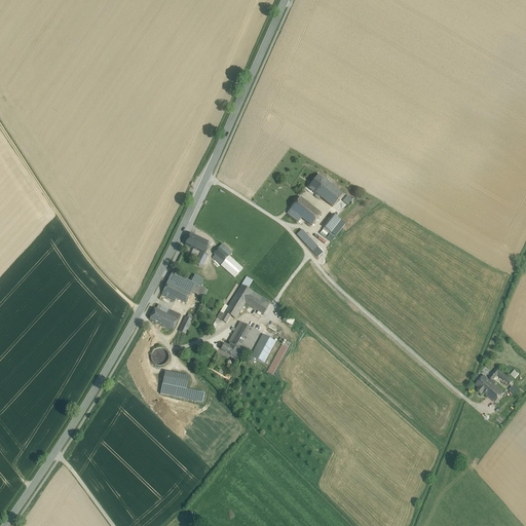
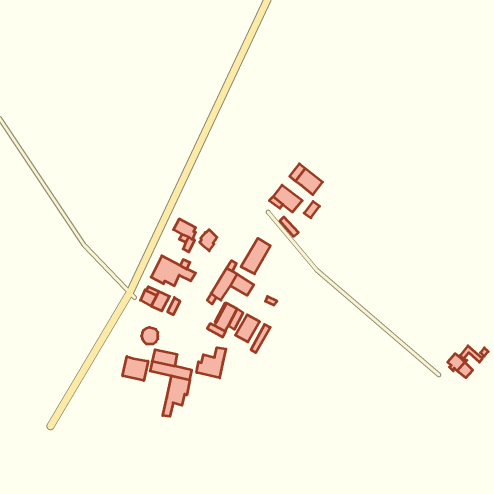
building: none -> [241,238,270,274]
building: none -> [197,348,226,378]
building: none -> [123,356,148,381]
building: none -> [163,376,190,416]

